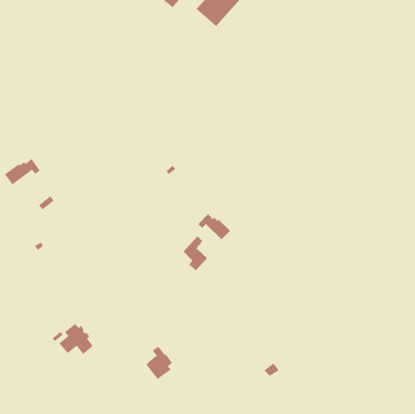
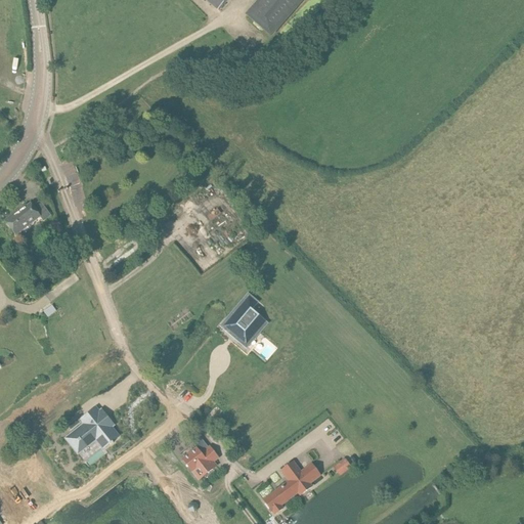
building: [198,213,231,240] -> none
building: none -> [264,462,318,513]

